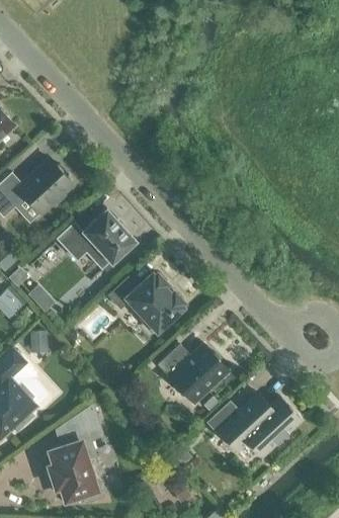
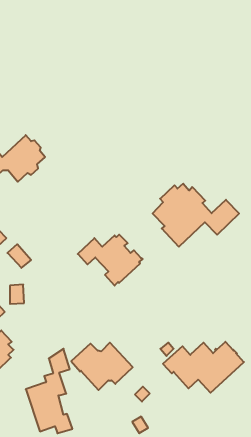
building: [56,208,136,269] -> none
building: none -> [153,184,239,247]
building: [158,343,229,398] -> [71,343,133,390]

